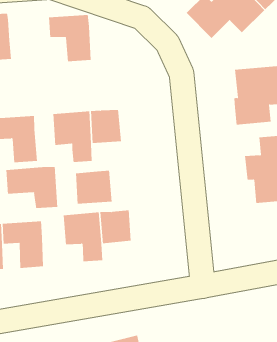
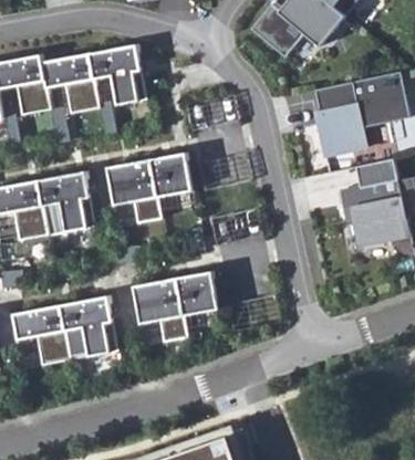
building: none -> [40,53,96,113]
building: [6,166,58,209] -> none
building: [76,170,112,205] -> none

